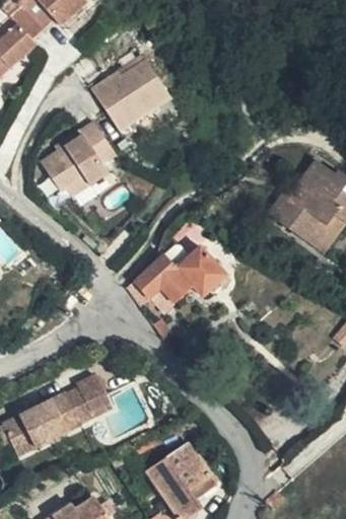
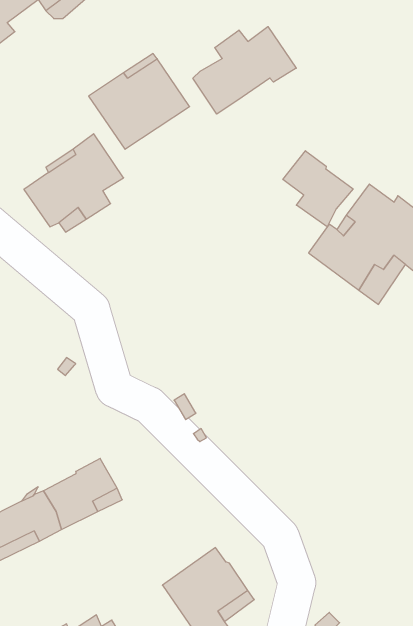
building: none -> [193,27,296,114]
building: none -> [283,151,353,227]
building: [130,242,231,303] -> none

